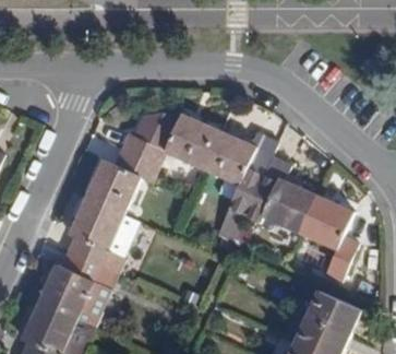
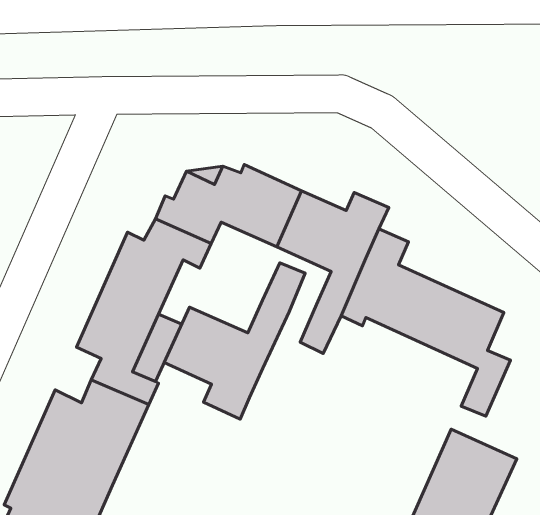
building: none -> [164,263,305,419]

